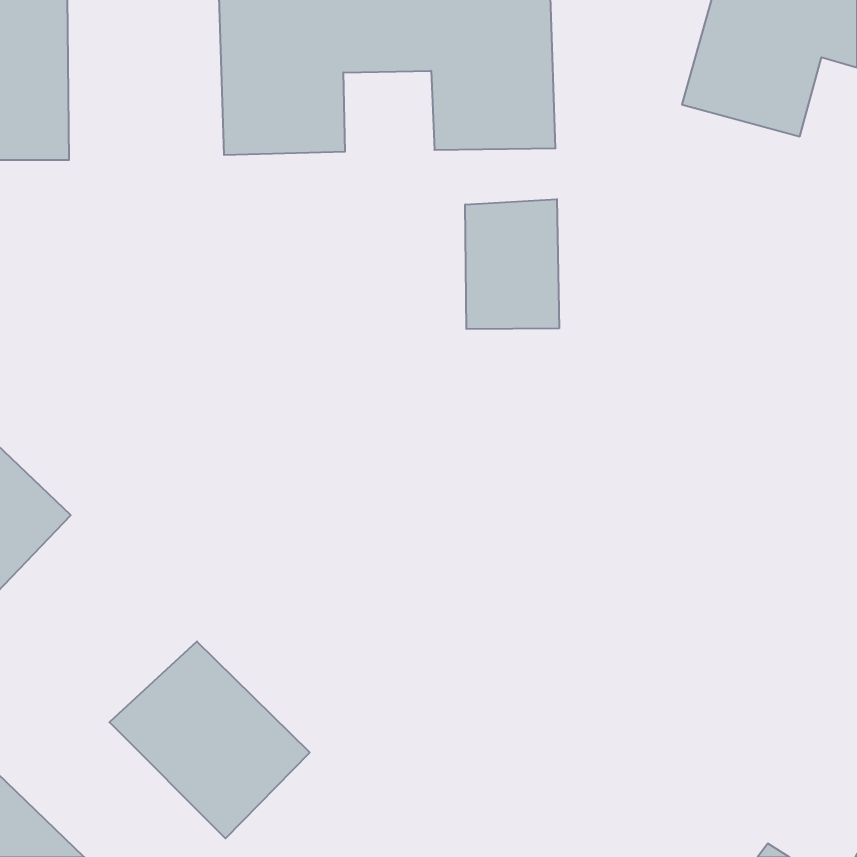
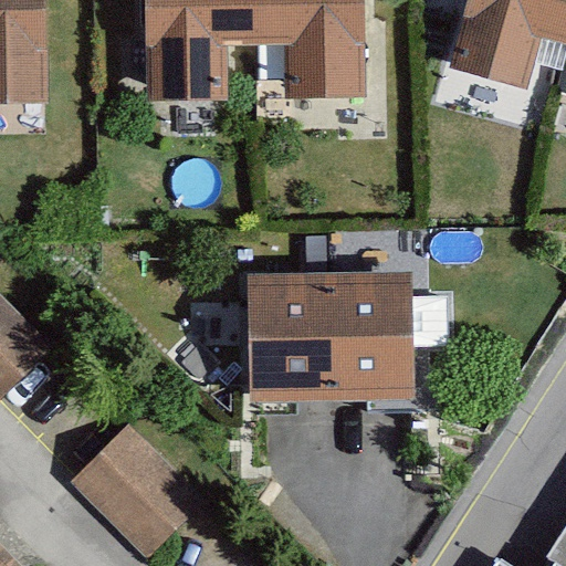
building: [465,199,559,329] -> none
building: none -> [248,272,412,403]

